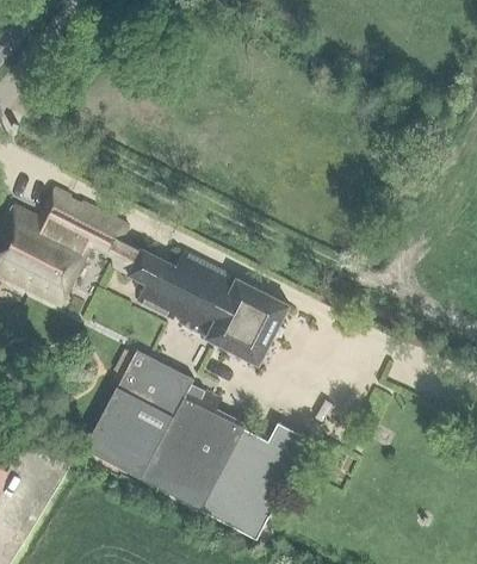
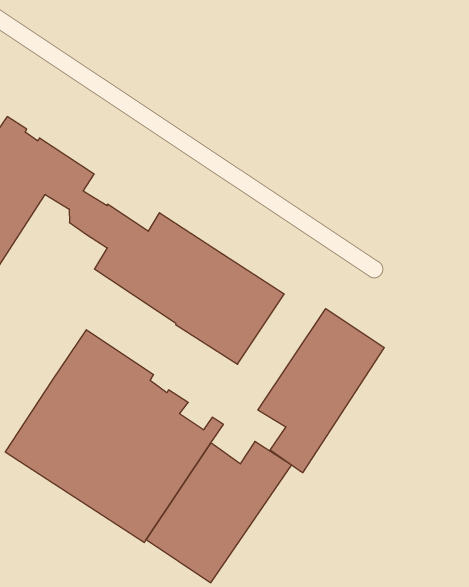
building: none -> [258,309,384,473]

